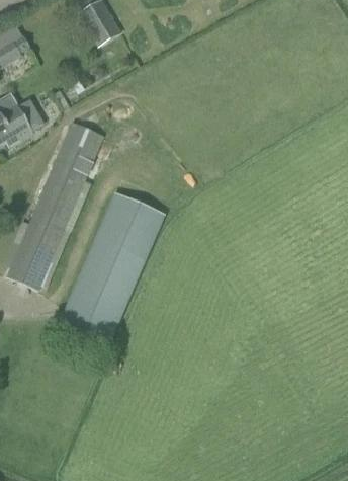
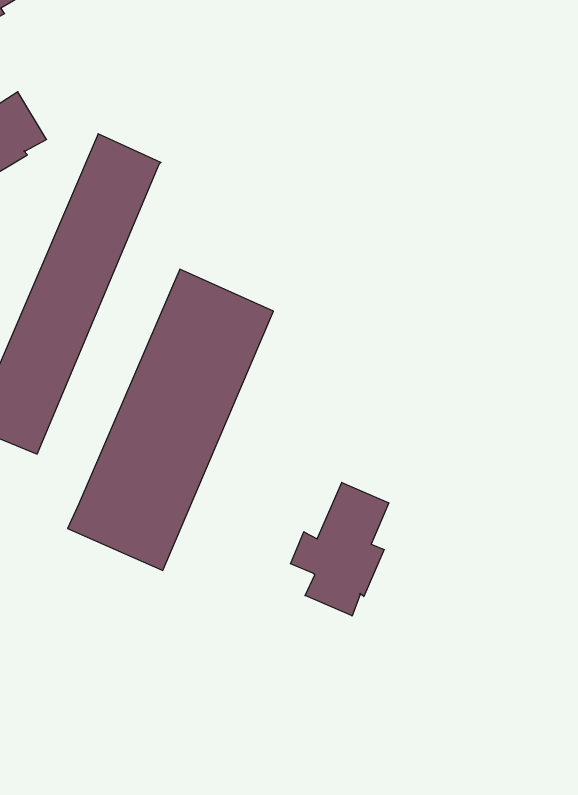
building: none -> [290,482,389,616]

